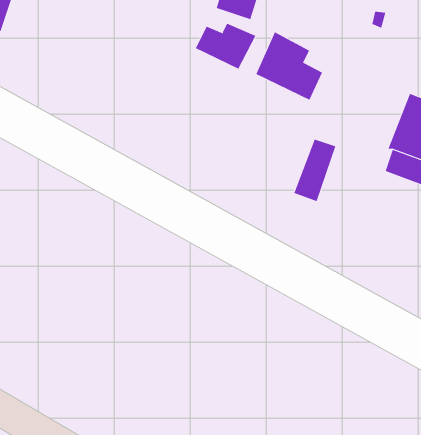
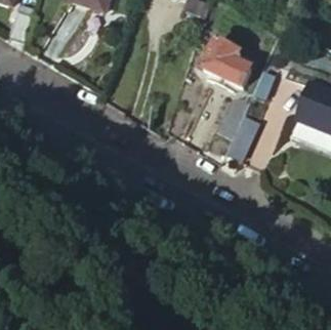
building: [195,23,256,70] -> none

